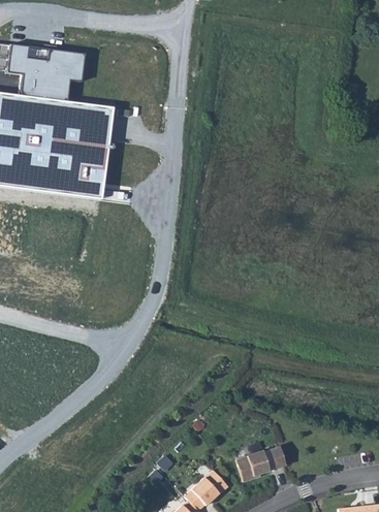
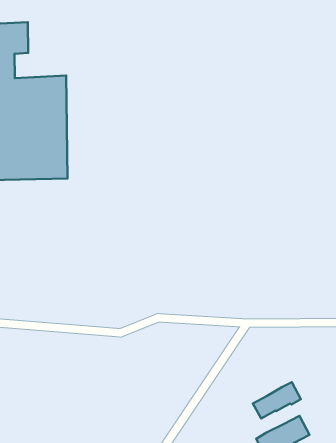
building: none -> [253,382,301,419]

